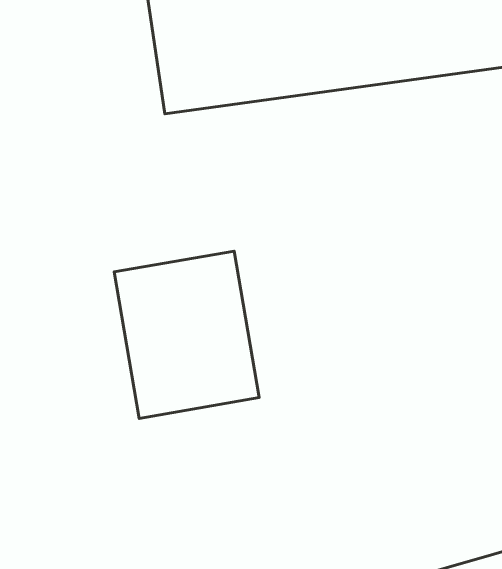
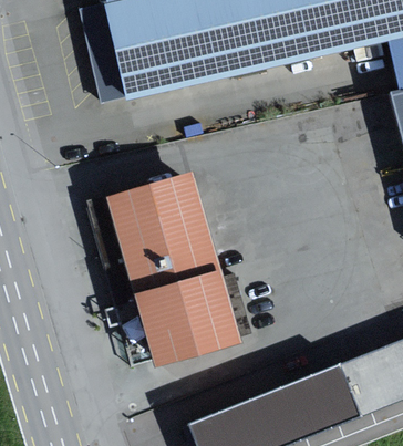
building: none -> [134,273,229,366]

